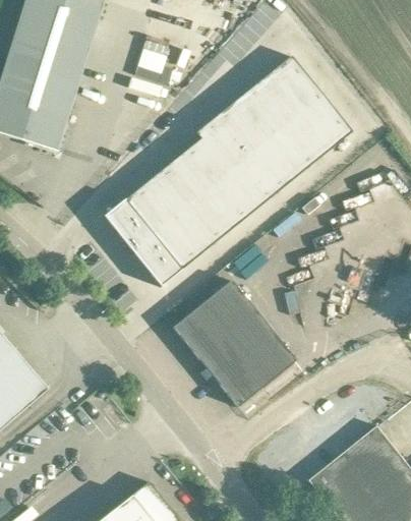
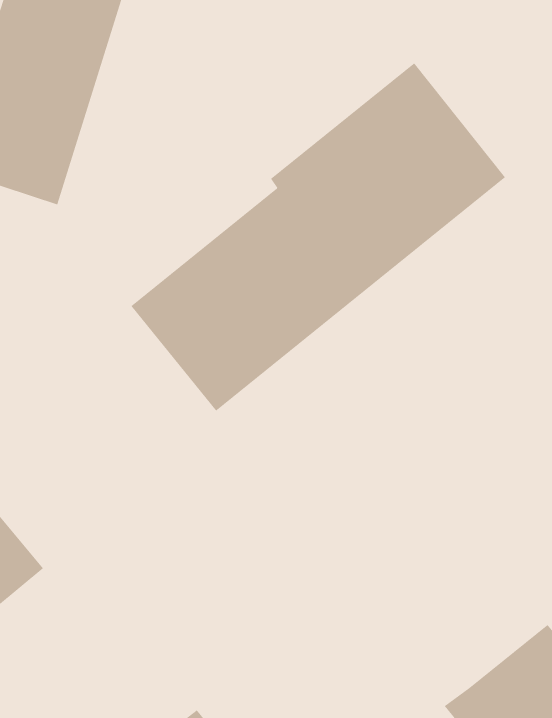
building: [172,281,294,408] -> none

